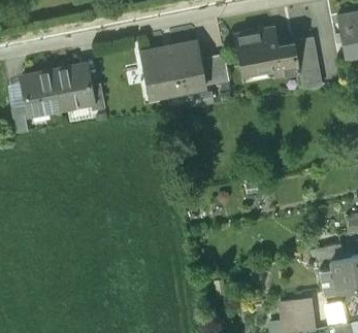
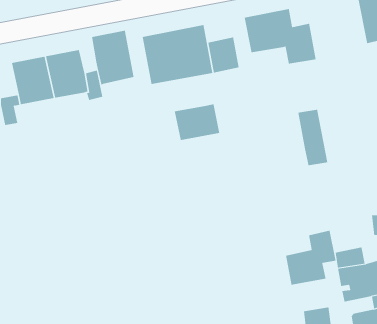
building: [293,38,321,90] -> [297,109,328,166]
building: none -> [92,30,134,86]
building: none -> [174,104,220,141]
building: none -> [285,230,336,286]

